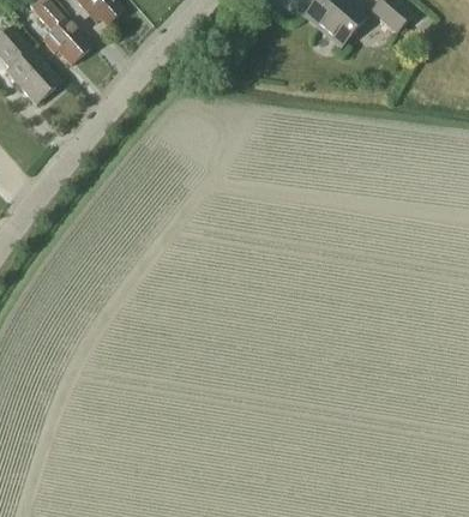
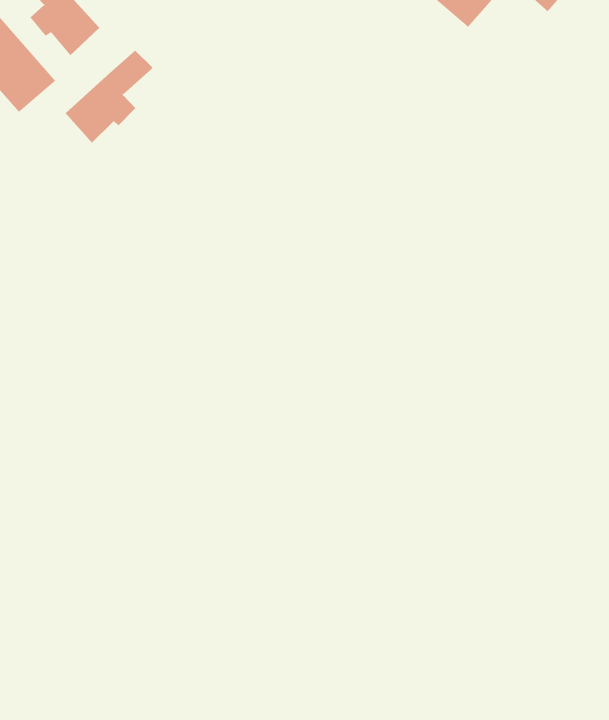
building: none -> [65,50,153,144]

